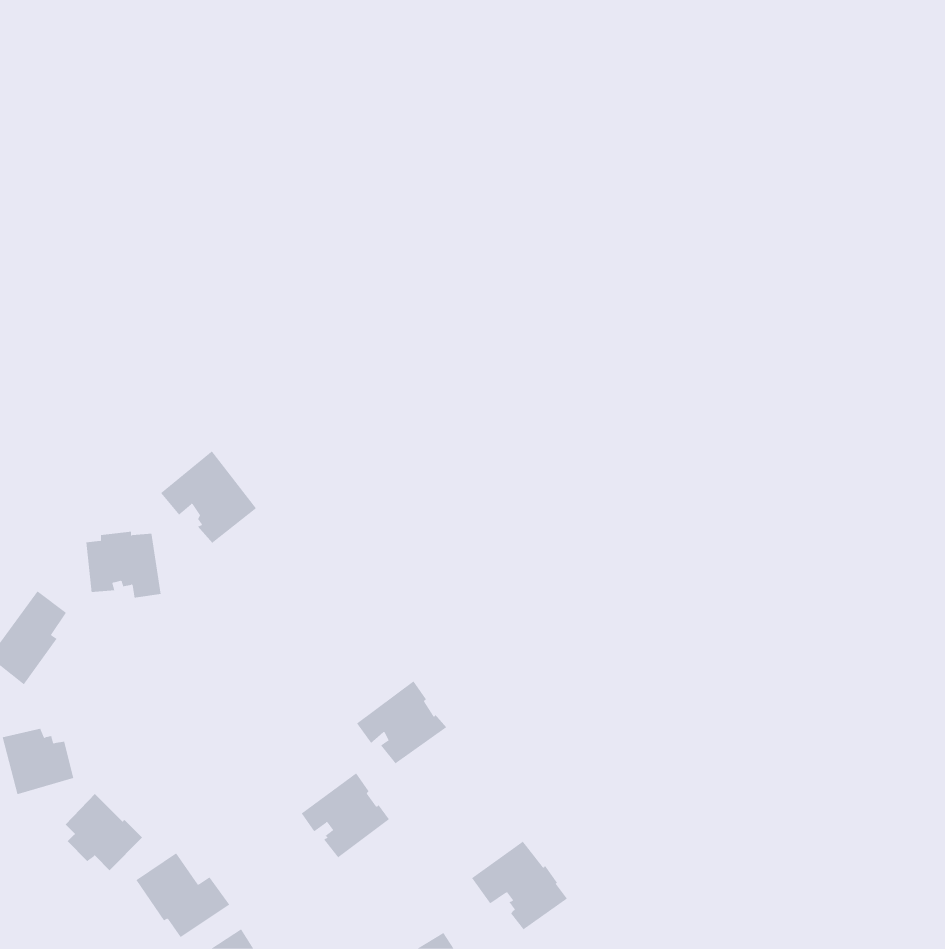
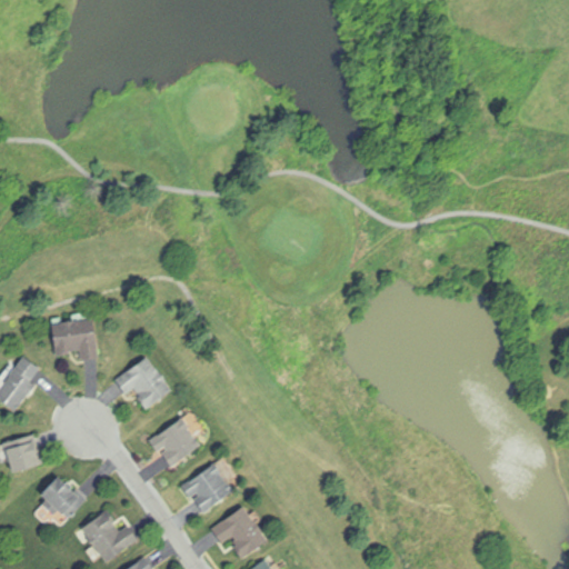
building: [160,451,257,543] -> [114,355,172,410]
building: [356,681,447,764] -> [147,416,201,466]
building: [471,841,568,930] -> [210,506,268,559]

